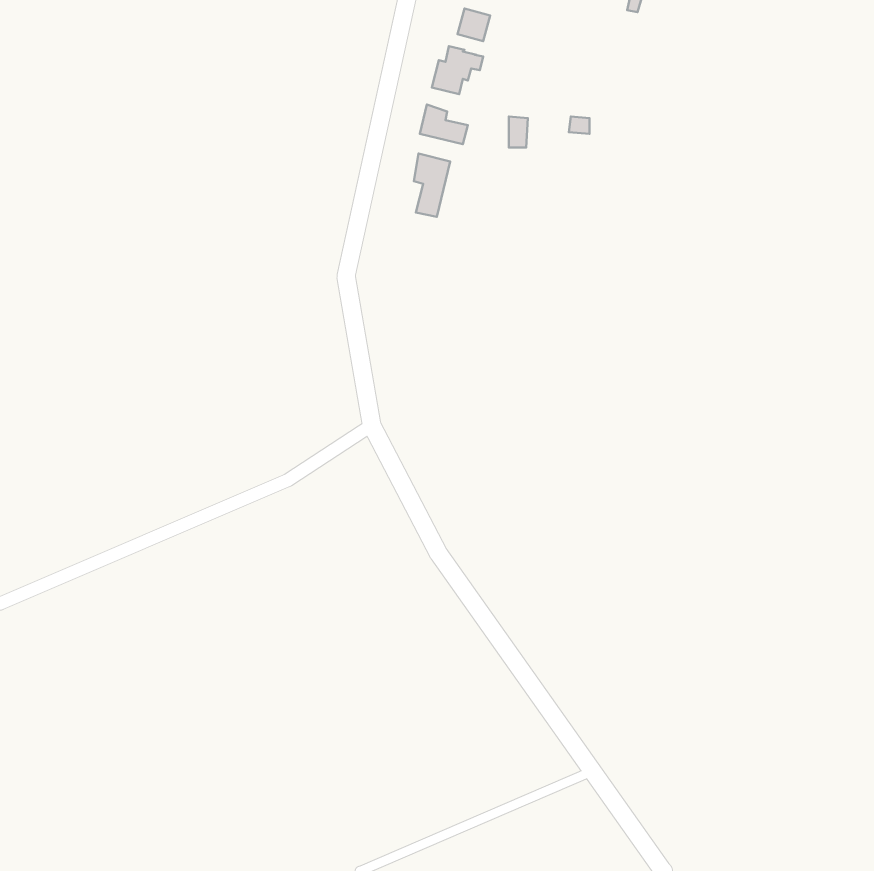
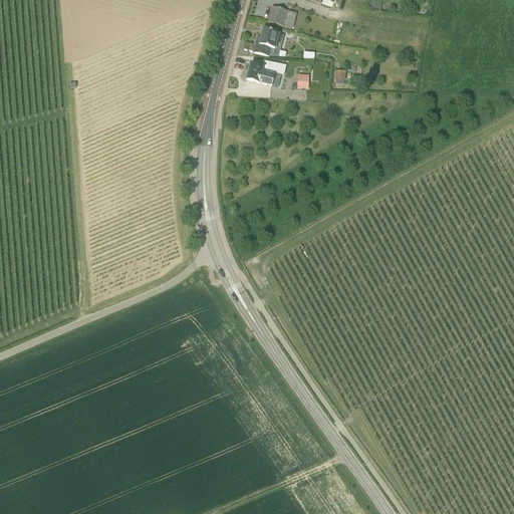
building: [414,154,450,217] -> none

